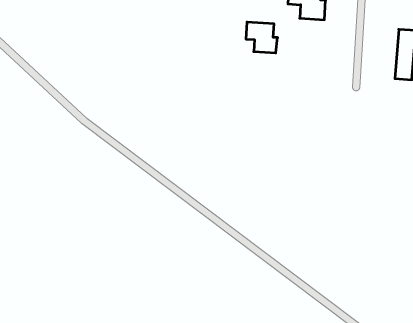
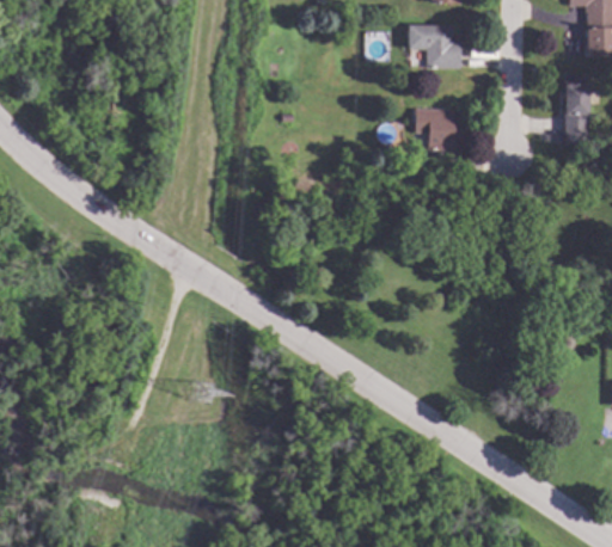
building: [246,22,278,53] -> [415,109,459,149]

